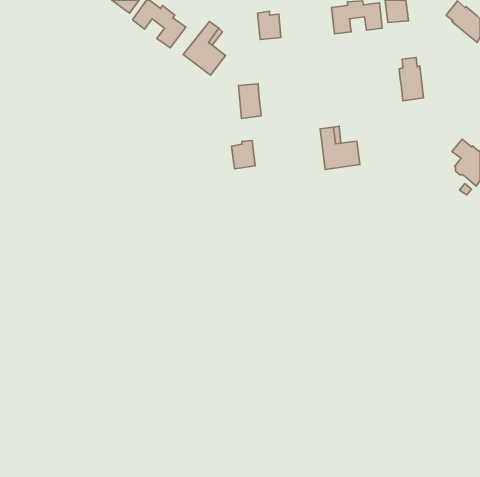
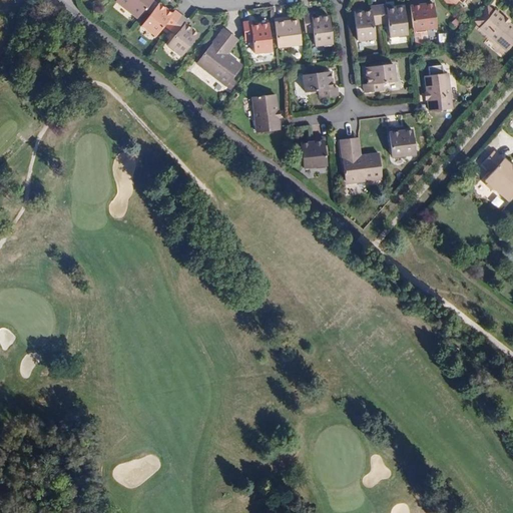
building: none -> [305,14,336,45]
building: none -> [243,20,273,51]
building: none -> [366,65,397,93]
building: none -> [306,73,340,99]
building: none -> [389,127,416,158]
building: [232,141,255,169] -> [302,138,327,168]

